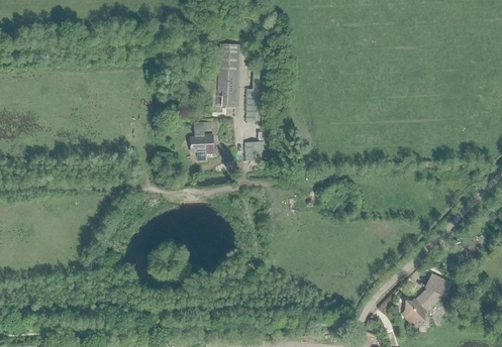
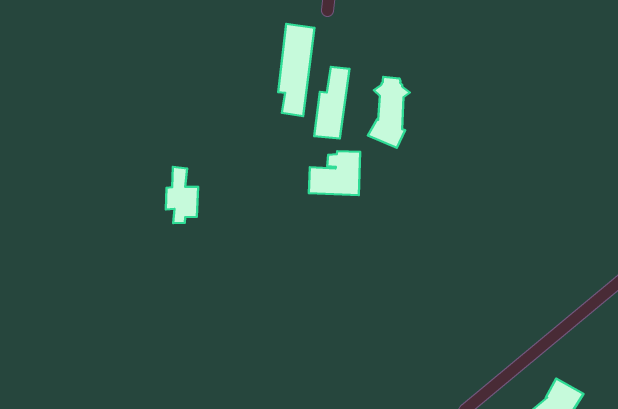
building: none -> [368,77,410,148]
building: [190,122,213,161] -> [166,167,198,223]

